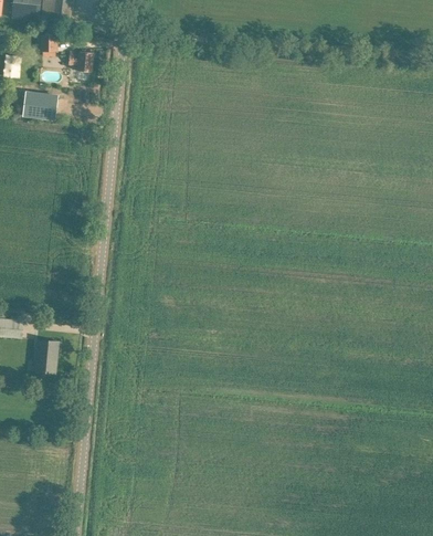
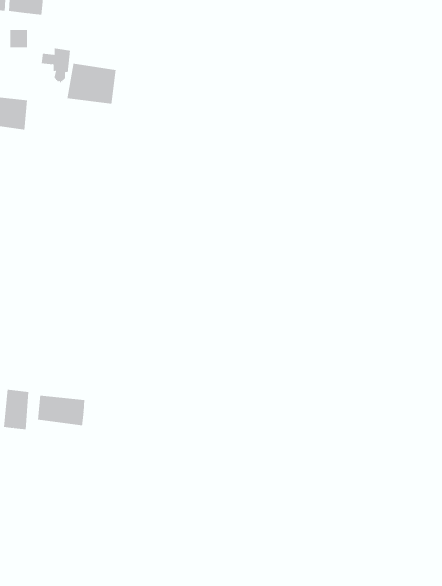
building: none -> [67,63,116,104]
building: none -> [38,395,85,426]

